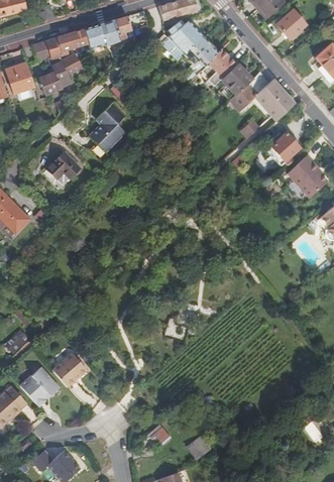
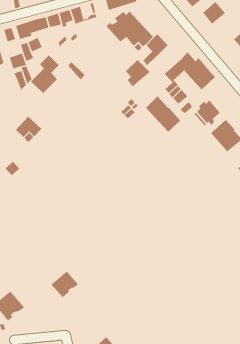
building: [221,64,252,99] -> [125,59,150,88]
building: [89,103,125,151] -> [30,55,60,94]
building: none -> [145,96,181,132]
building: [51,352,87,386] -> [51,271,79,298]

